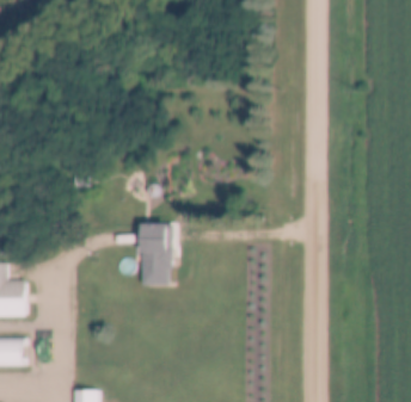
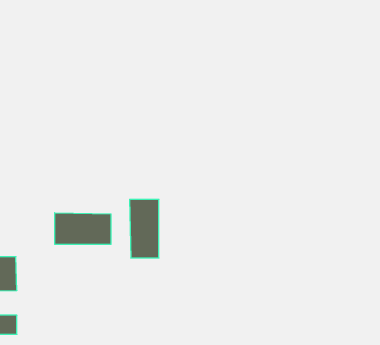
building: none -> [55,213,111,244]

